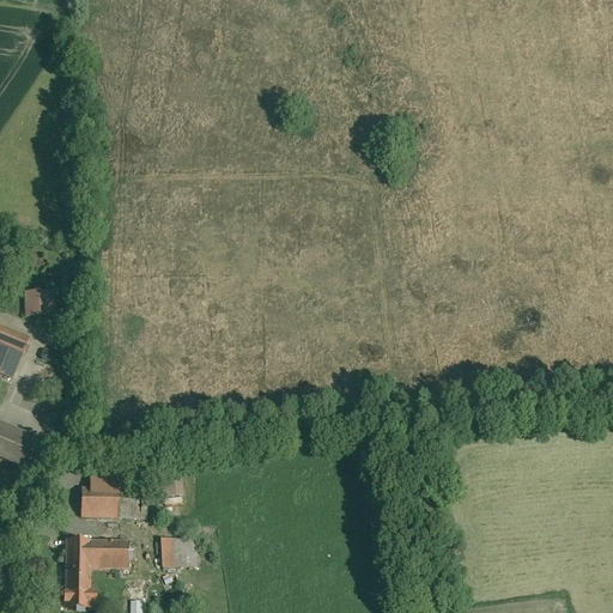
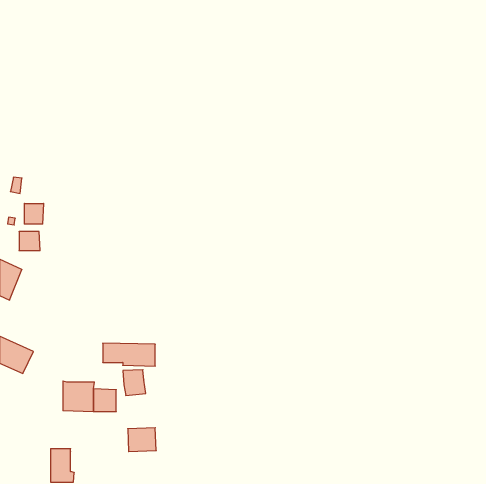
building: none -> [24,203,44,224]
building: [63,540,129,569] -> [103,343,155,366]

